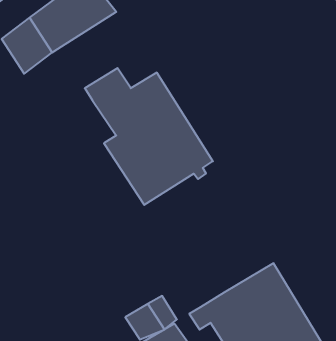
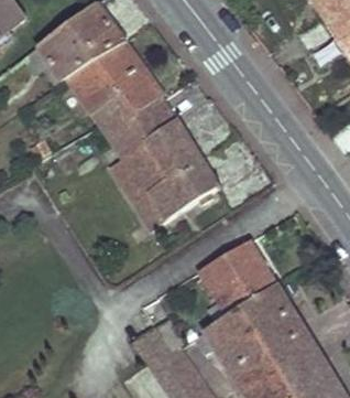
building: none -> [66,37,165,112]
building: none -> [201,239,278,313]

